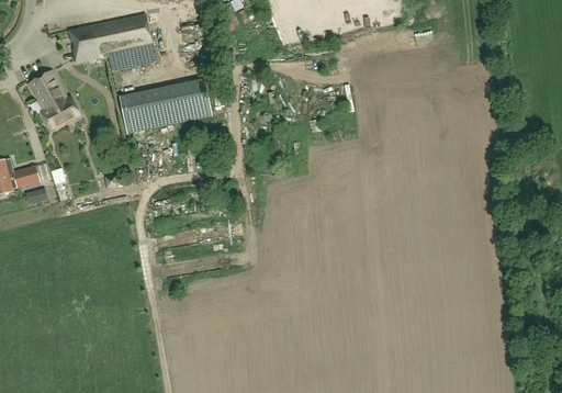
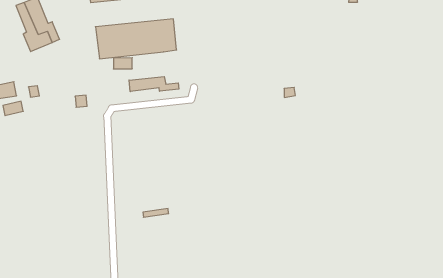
building: none -> [129,77,179,92]

